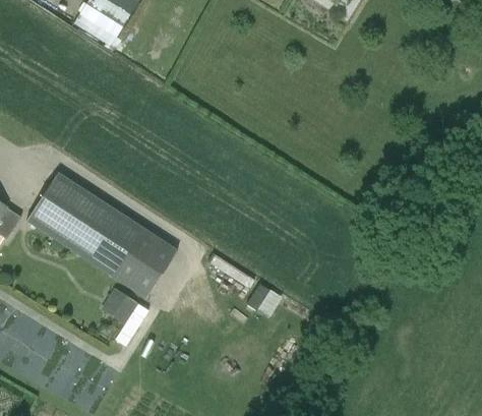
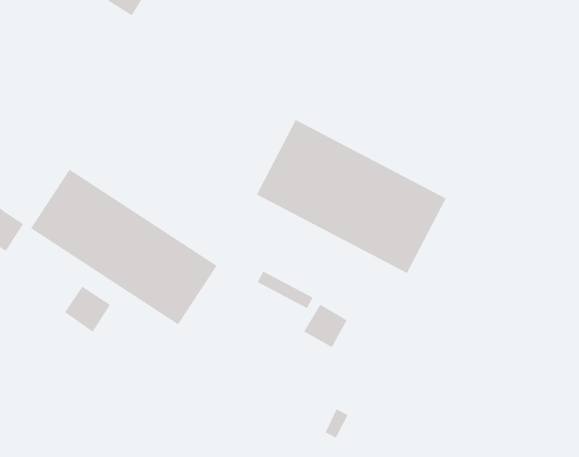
building: none -> [256,119,446,274]
building: [101,286,138,323] -> [64,286,111,332]

